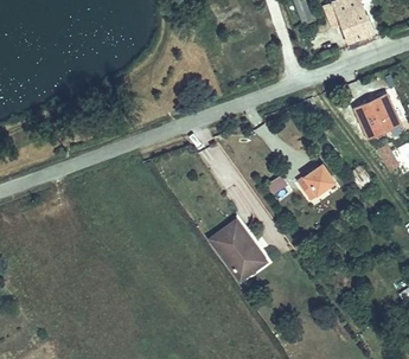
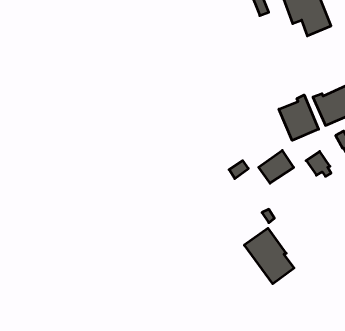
building: none -> [279,95,319,140]
building: [212,220,264,278] -> [244,228,294,284]

